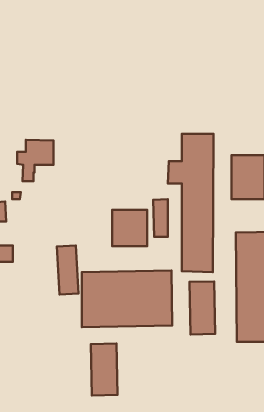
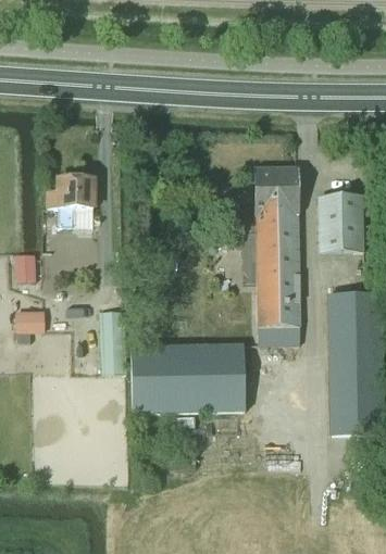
building: [112,210,147,246] -> none
building: [190,281,215,335] -> none
building: [91,344,118,395] -> none

